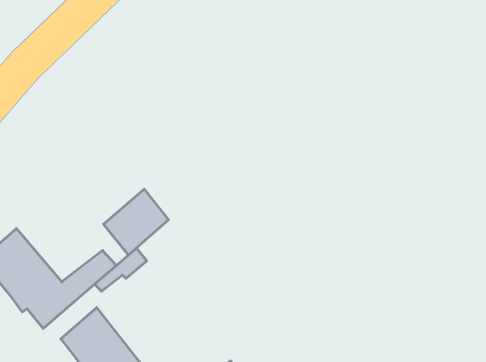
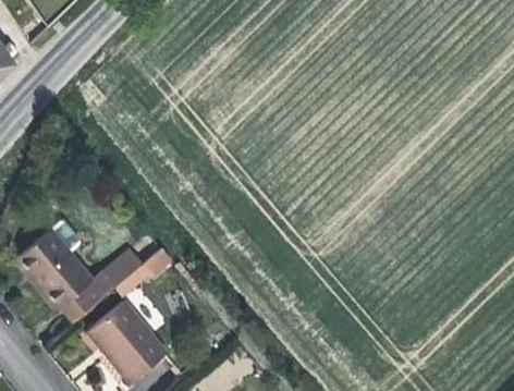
building: [103,189,168,255] -> none

